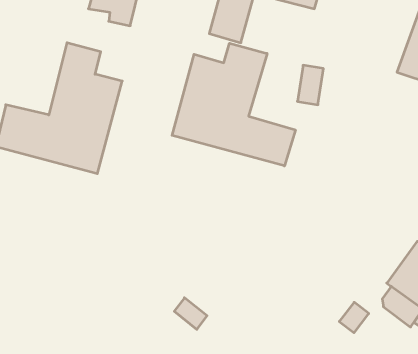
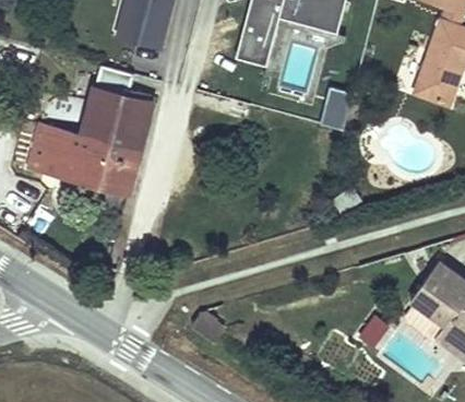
building: [172,43,295,166] -> none

